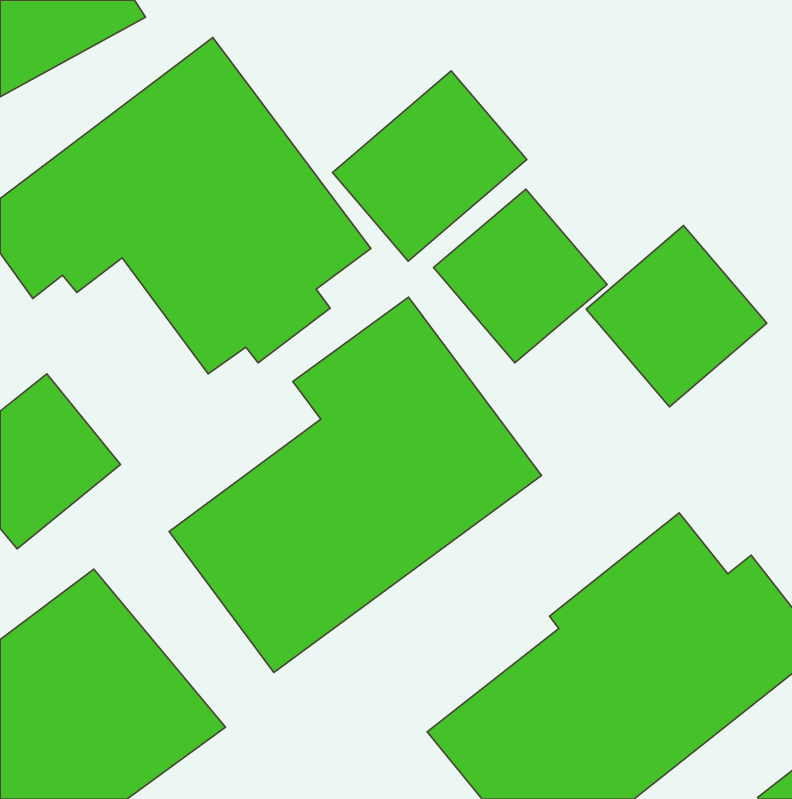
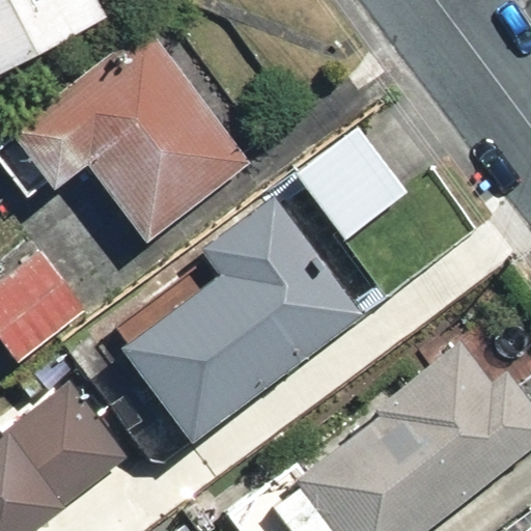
building: [333,71,527,261] -> none
building: [586,226,767,407] -> none

